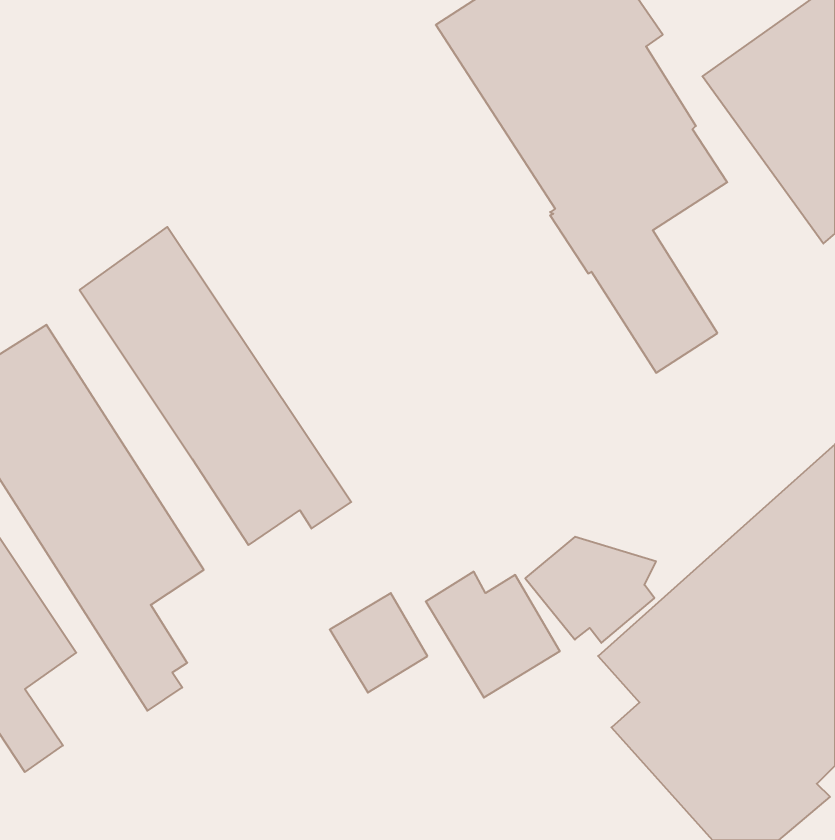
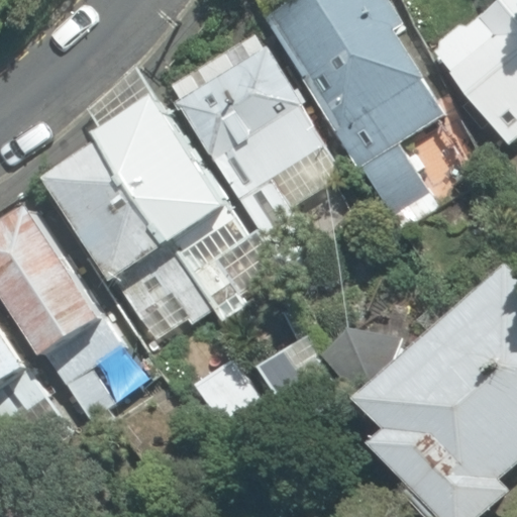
building: none -> [175,46,341,286]
building: none -> [86,63,260,306]

